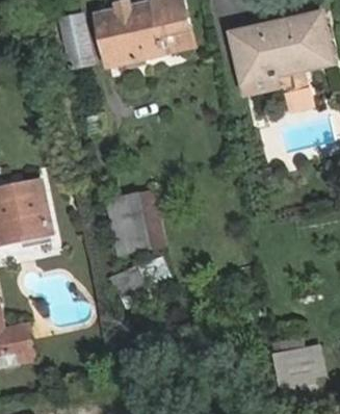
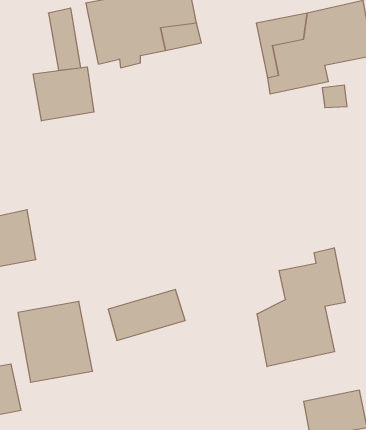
building: none -> [33,67,94,121]
building: [105,187,167,255] -> [18,301,93,382]
building: none -> [257,248,345,367]

